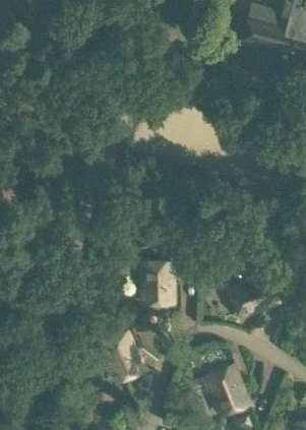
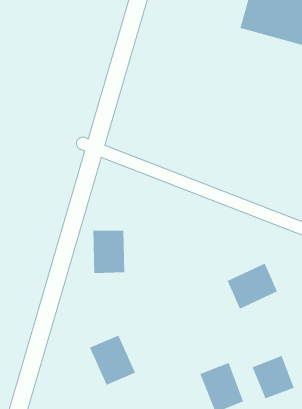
building: [143,257,175,299] -> [92,230,125,273]
building: none -> [252,355,294,399]

